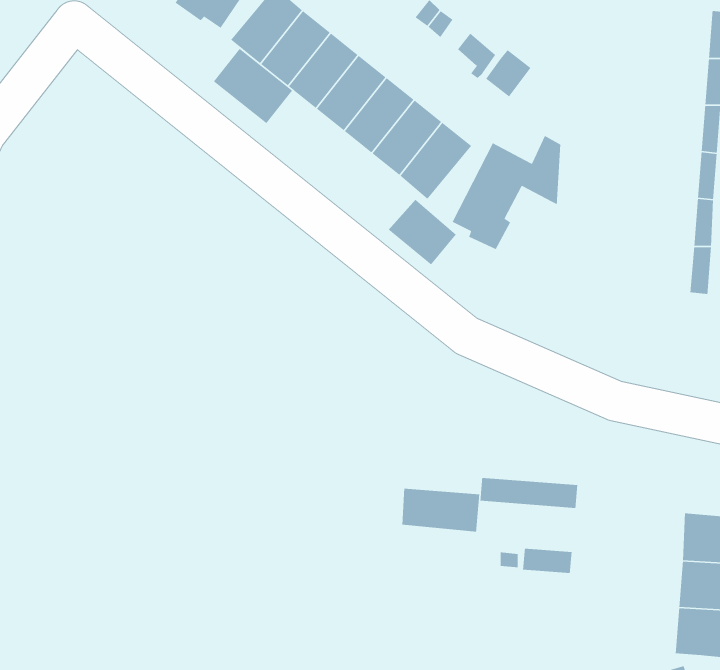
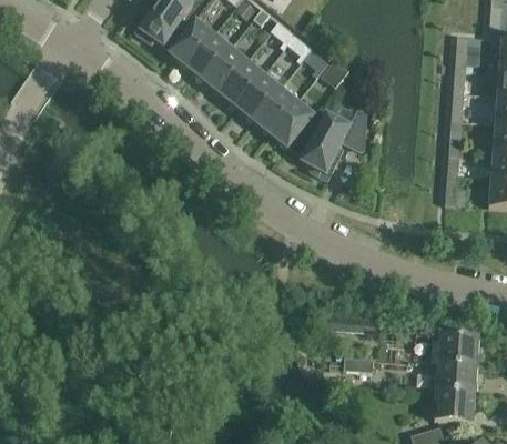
building: [213,48,293,124] -> none
building: [388,199,457,266] -> none
building: [402,488,480,532] -> none

